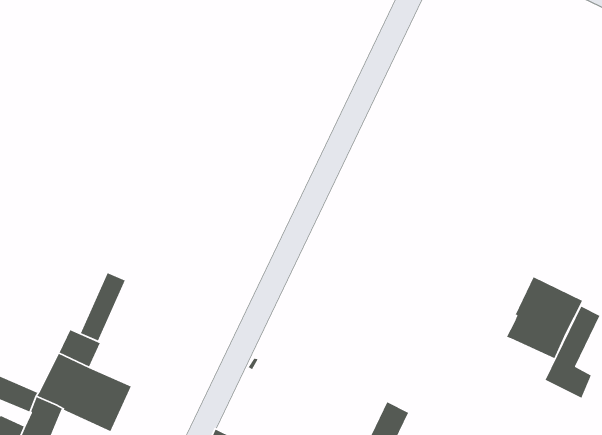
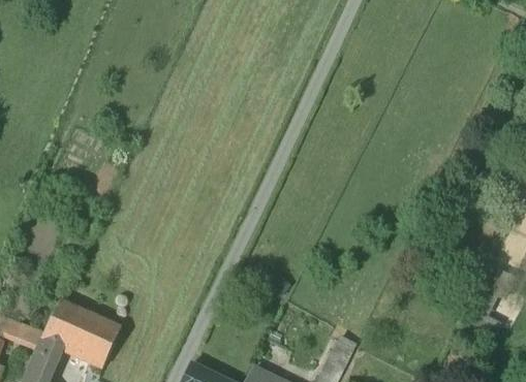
building: [80,272,126,342] -> none
building: [506,276,583,359] -> none

